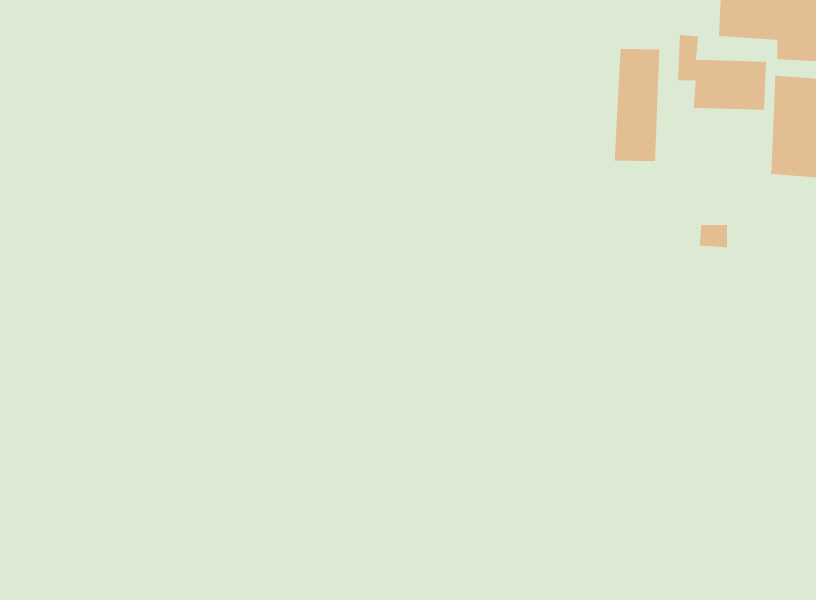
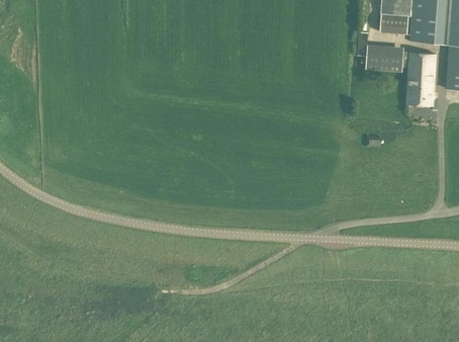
building: [614,48,660,162] -> none

